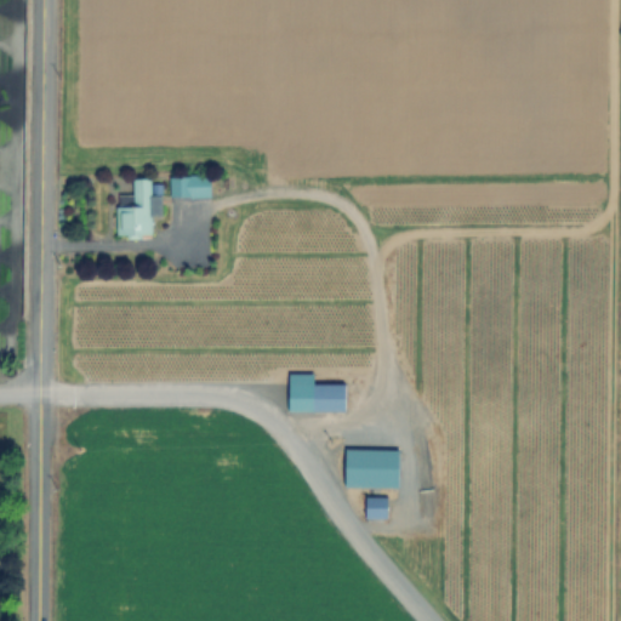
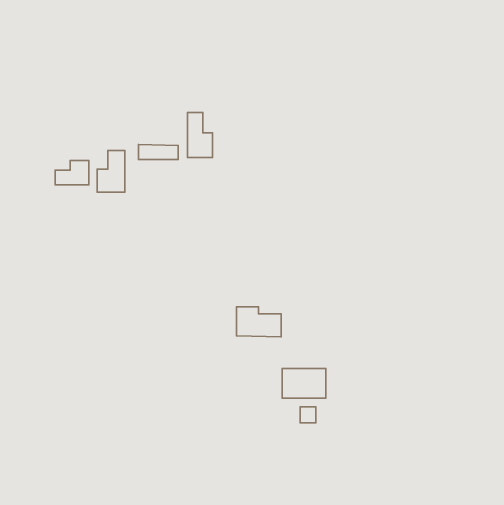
building: none -> [188,112,212,158]
building: none -> [55,161,89,185]

